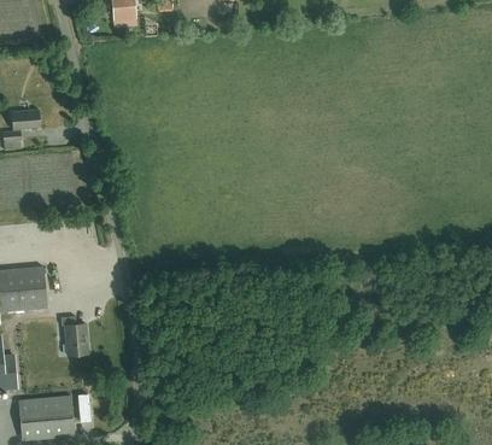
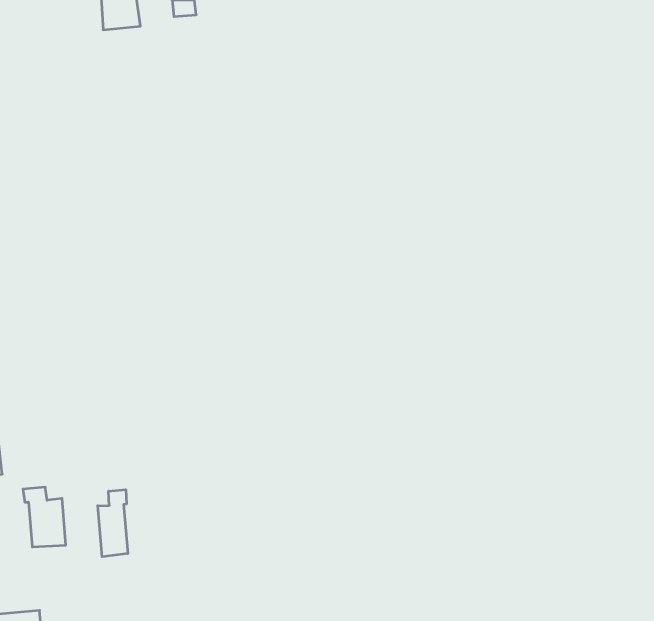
building: none -> [98,490,128,557]

